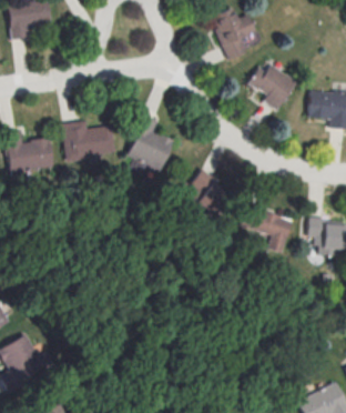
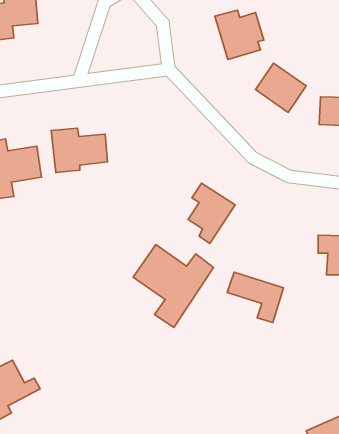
building: [128,114,173,180] -> none
building: [240,205,292,252] -> [227,272,284,323]
building: none -> [133,244,213,328]

